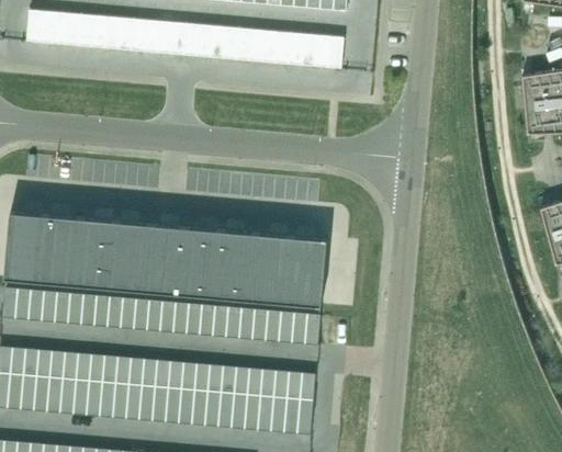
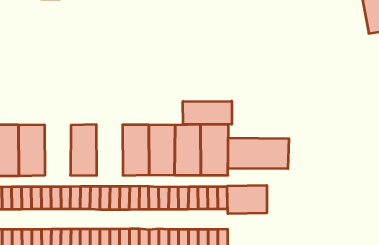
building: none -> [183,101,232,124]
building: [77,216,117,286] -> none
building: [146,222,187,293] -> none
building: none -> [228,138,289,169]
building: none -> [227,185,267,214]

